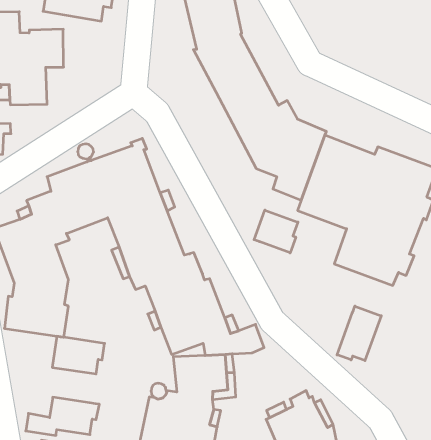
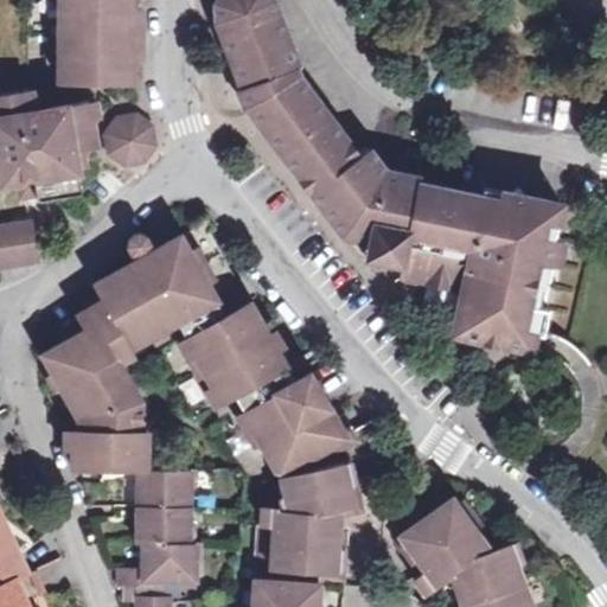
building: none -> [104,110,161,166]
building: [254,210,298,253] -> none
building: [337,306,381,361] -> none
building: none -> [134,510,193,545]

